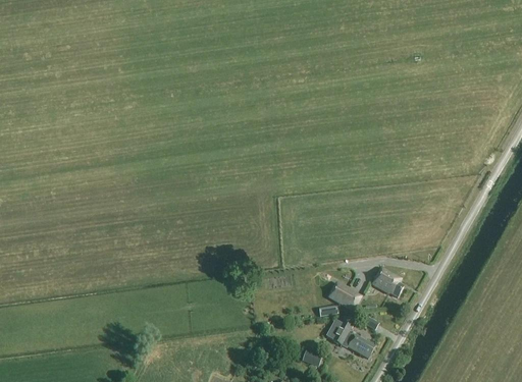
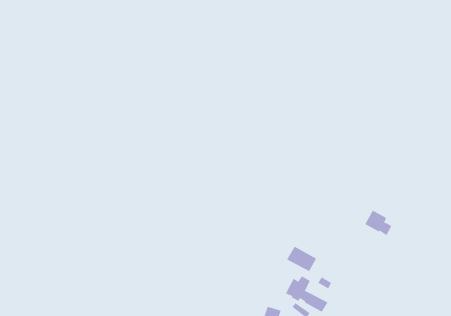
building: [371,267,403,296] -> [364,210,392,236]

